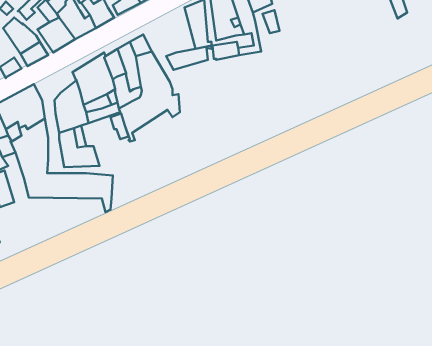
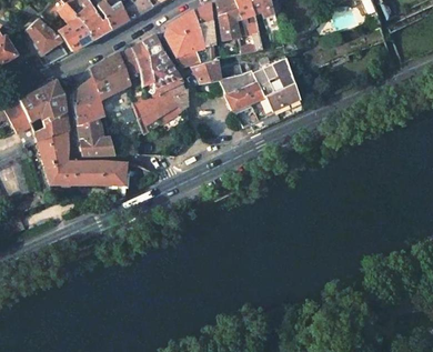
building: none -> [165,11,203,56]
building: none -> [192,56,303,132]

